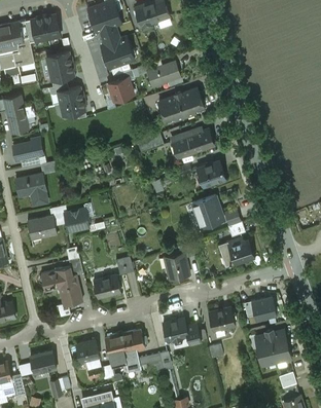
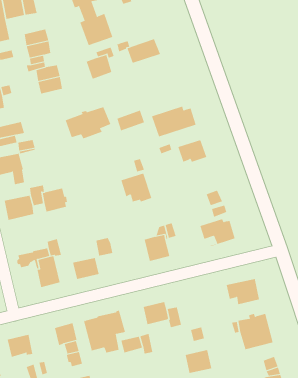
building: [158,88,204,120] -> [65,106,111,139]
building: [192,195,223,224] -> [121,173,152,202]
building: [208,307,235,331] -> [185,349,212,374]

